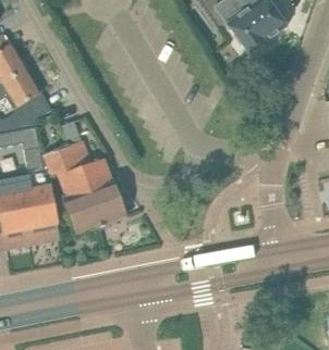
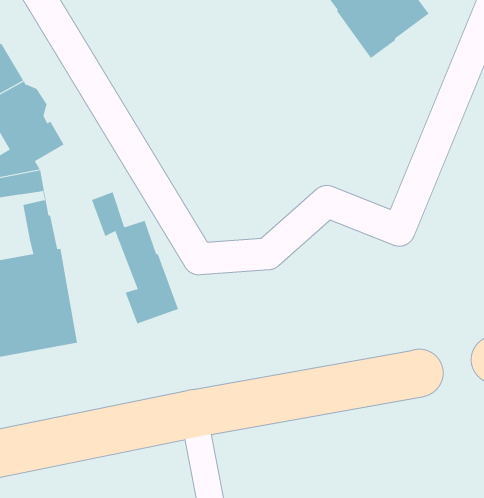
building: [41,146,97,234] -> none

